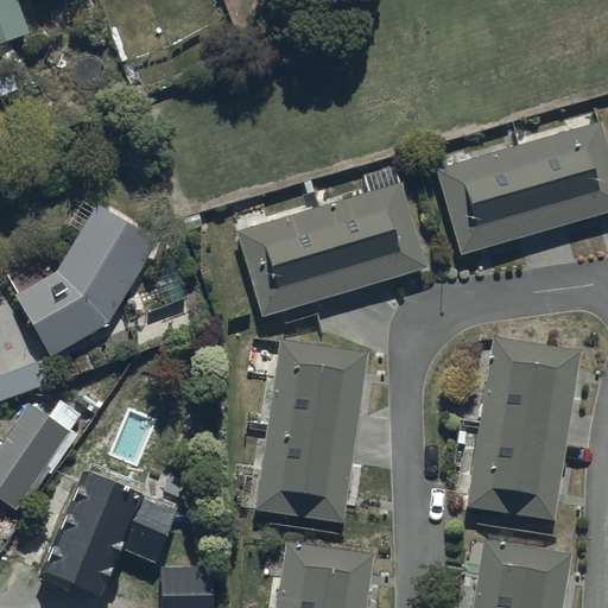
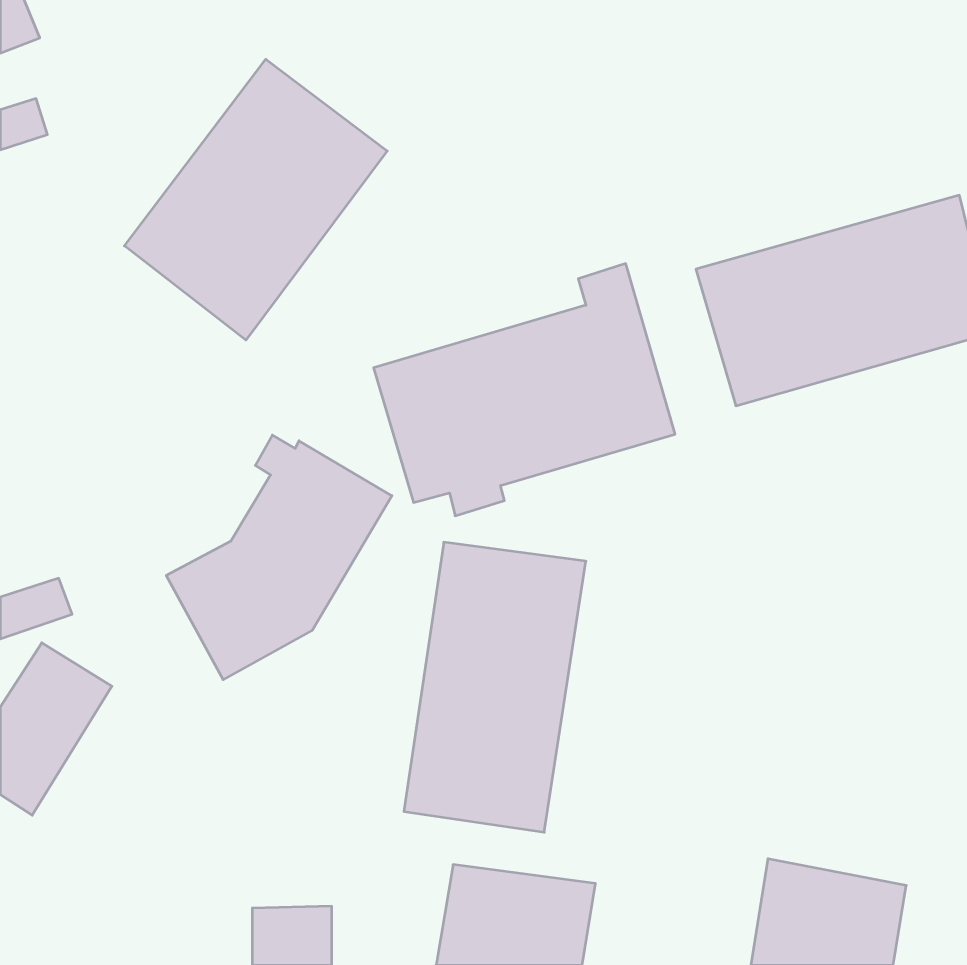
building: none -> [124,59,387,340]
building: [14,204,156,357] -> [166,435,392,680]
building: [466,335,582,520] -> none
building: [48,462,184,584] -> none

